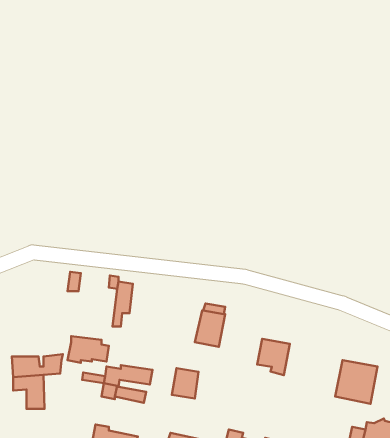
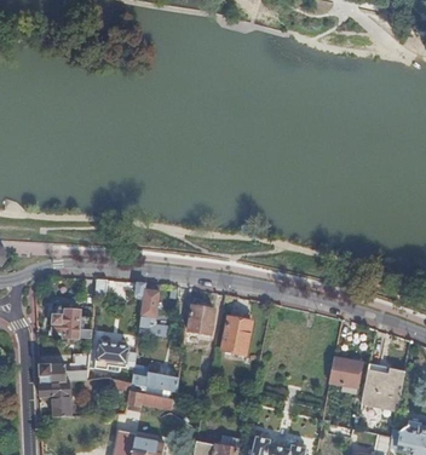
building: none -> [51,310,80,336]
building: [257,339,290,375] -> [329,357,362,393]
building: [172,368,198,399] -> [188,305,214,335]

